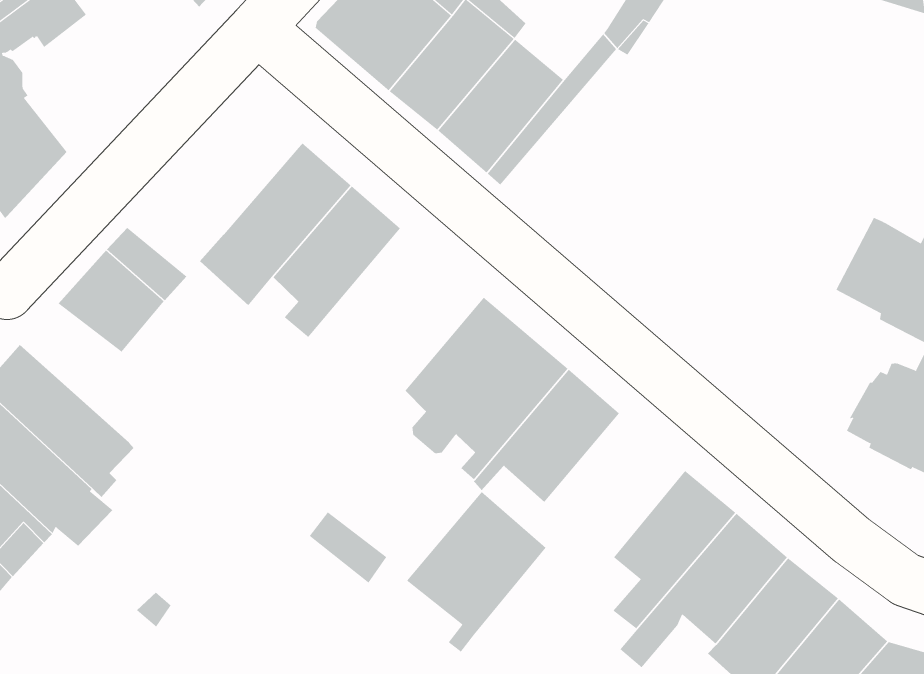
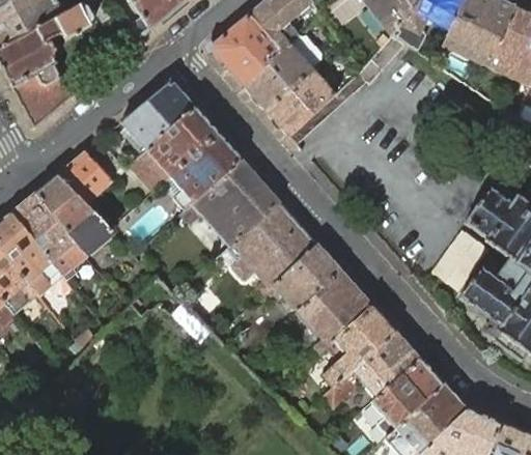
building: none -> [120,79,195,149]
building: none -> [176,159,279,254]
building: none -> [33,174,111,252]
building: none -> [434,229,487,290]
building: [406,491,547,652] -> [297,271,372,353]

